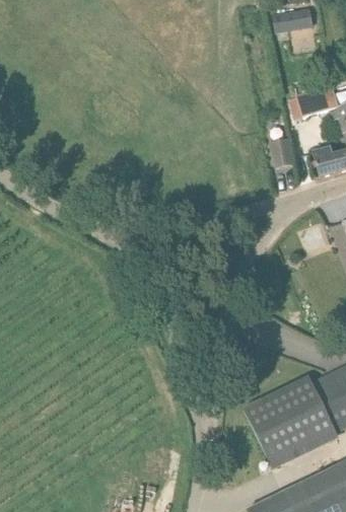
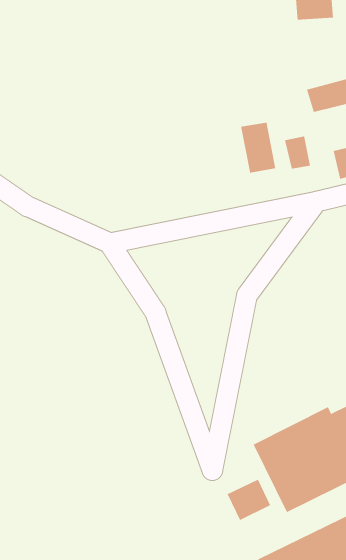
building: none -> [241,122,276,173]
building: none -> [227,479,271,521]

